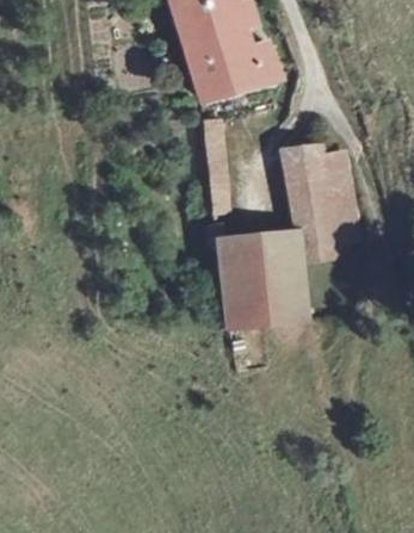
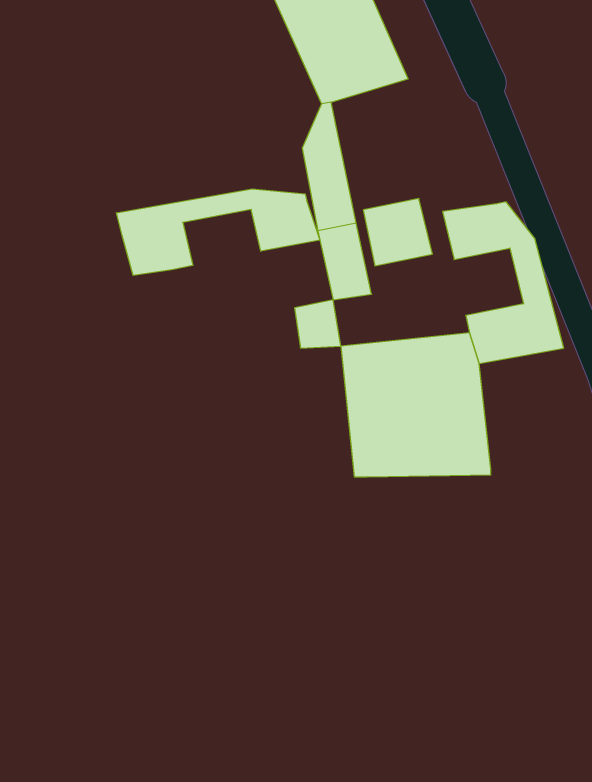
building: none -> [116,189,320,275]
building: [290,175,333,217] -> [363,198,432,266]

